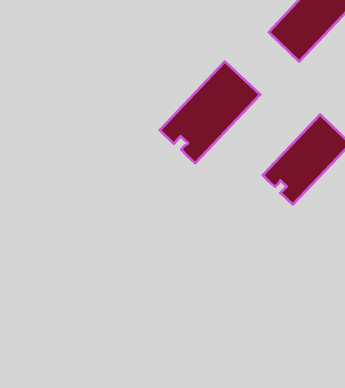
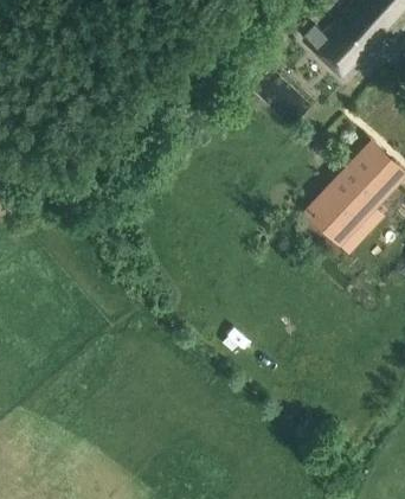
building: [160,62,260,163] -> none

